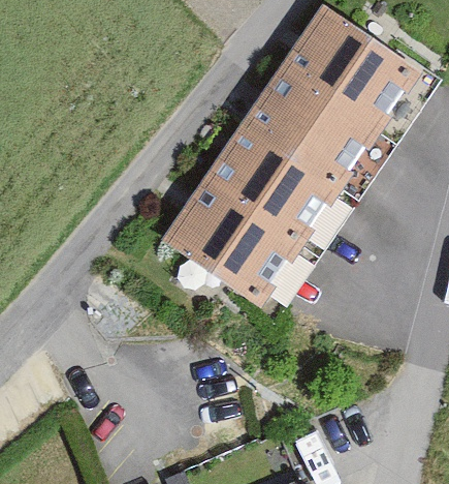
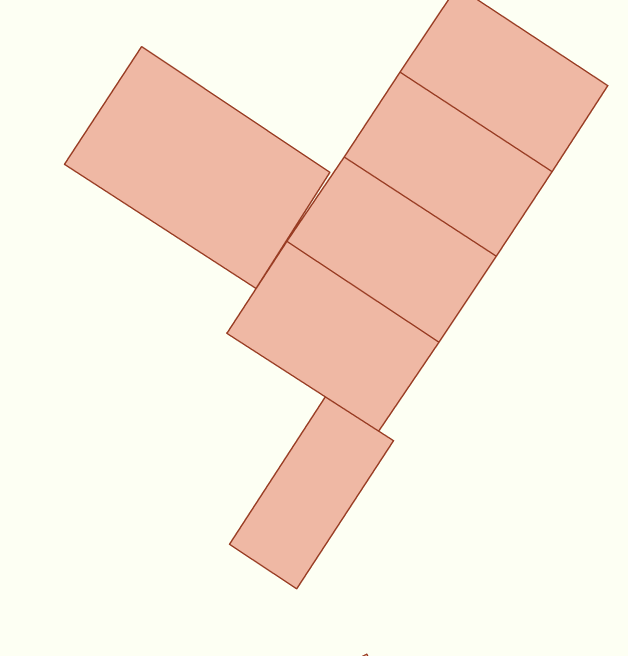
building: none -> [65,47,330,289]
building: none -> [230,397,394,589]

